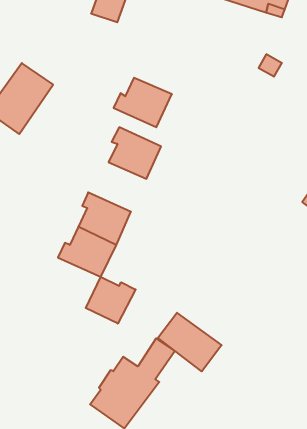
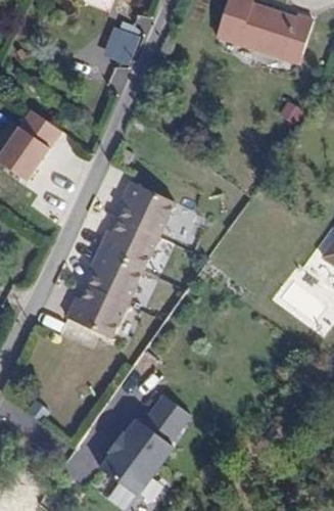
building: [114,78,172,127] -> [98,215,159,267]
building: [86,277,136,324] -> none
building: [158,313,222,371] -> none

